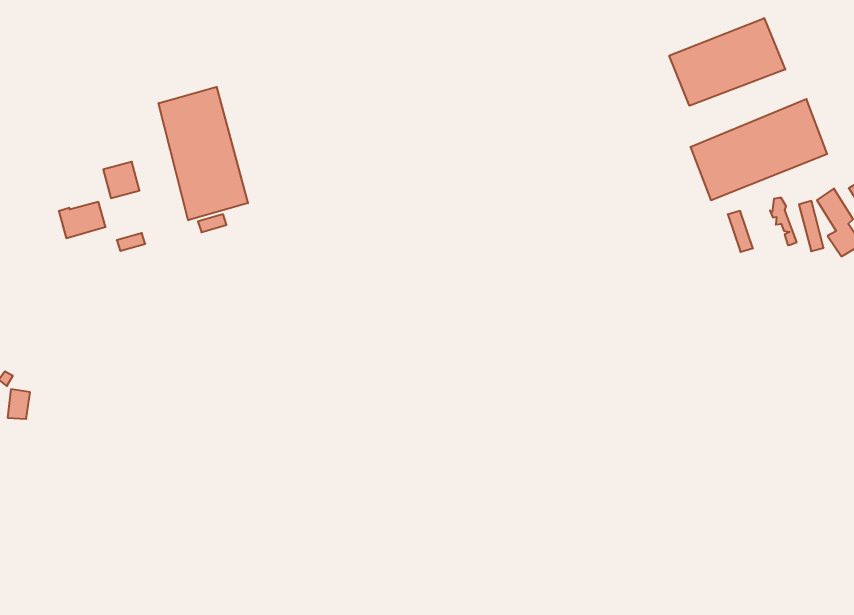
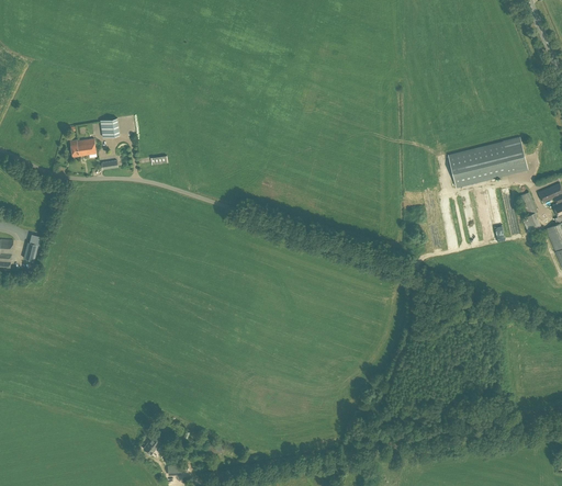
building: [669,18,785,106] -> none
building: [159,87,248,220] -> none

